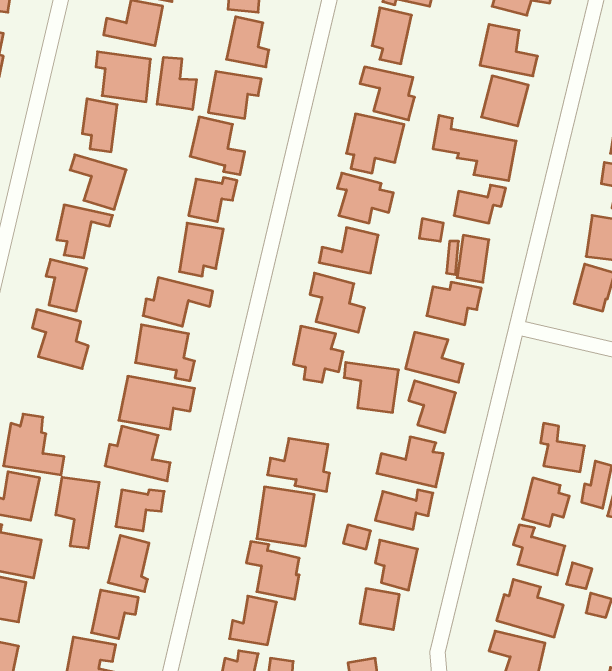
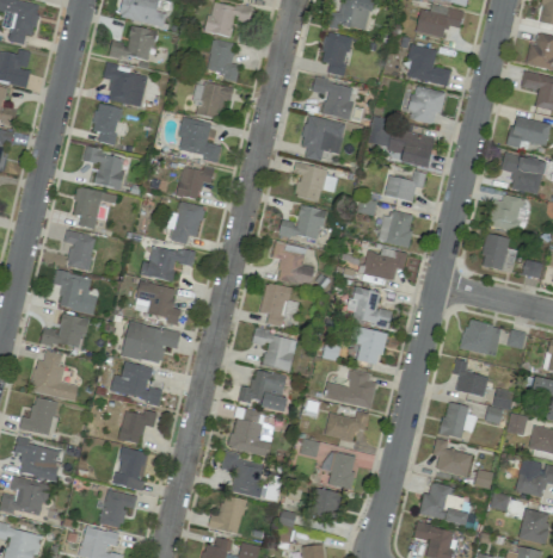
building: [157,57,197,110] -> none
building: [344,362,399,412] -> [253,330,296,370]
building: none -> [42,314,87,348]
building: none -> [462,320,502,355]
building: [56,477,99,548] -> none

